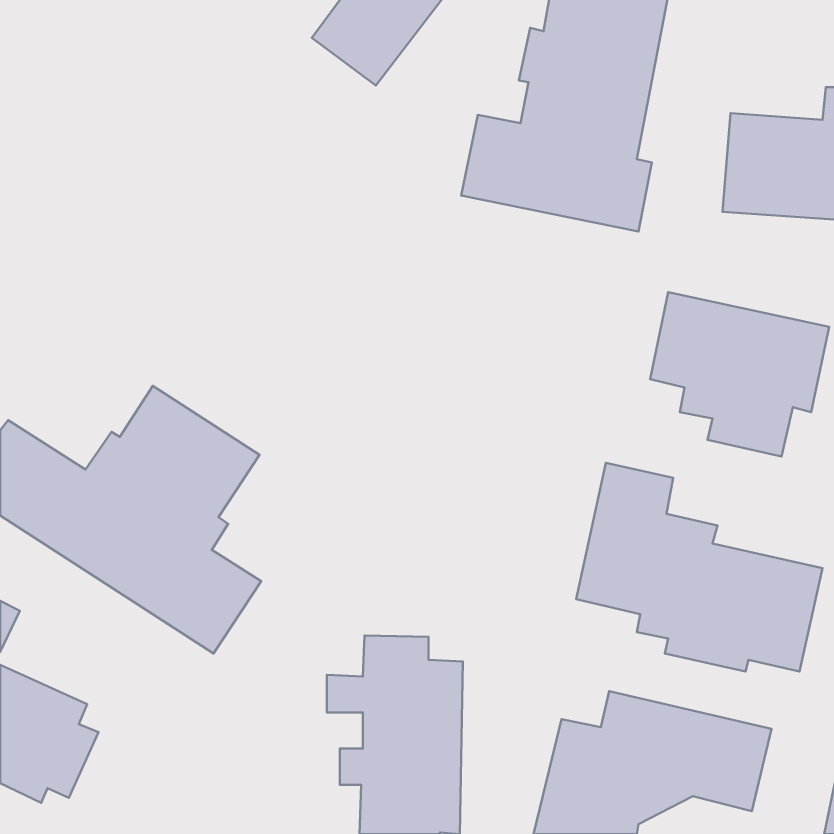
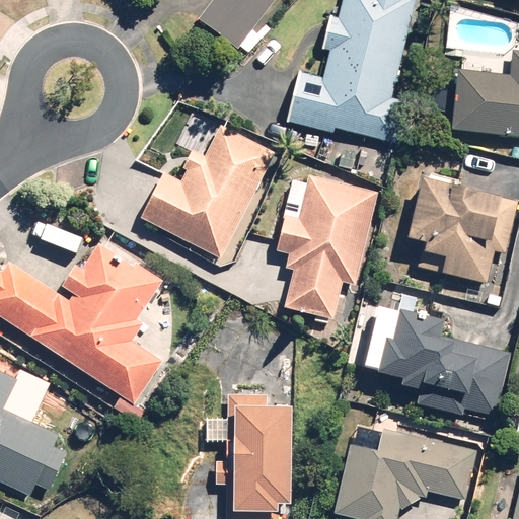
building: none -> [140,124,275,258]
building: none -> [274,176,378,321]

